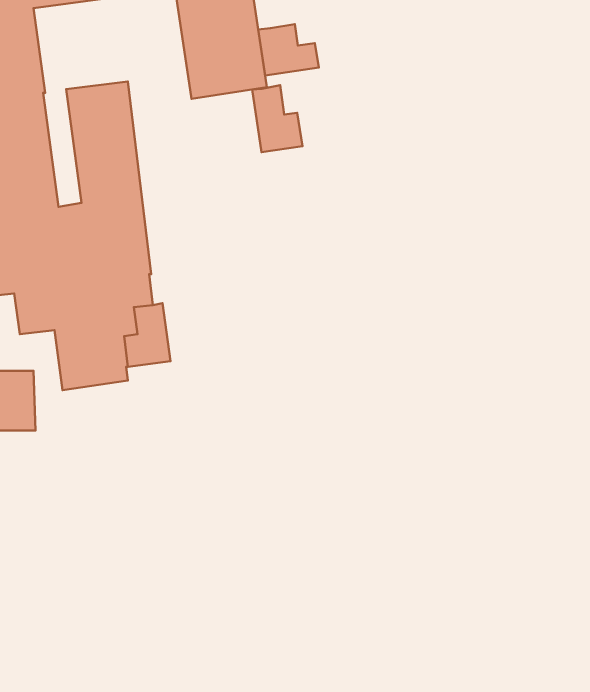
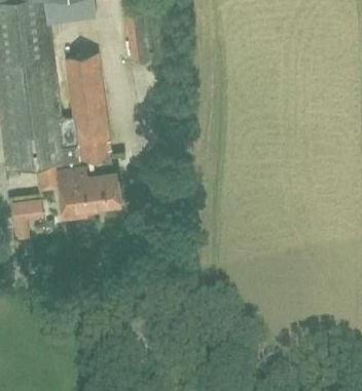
building: [258,24,319,76] -> none
building: [252,85,303,152] -> none

